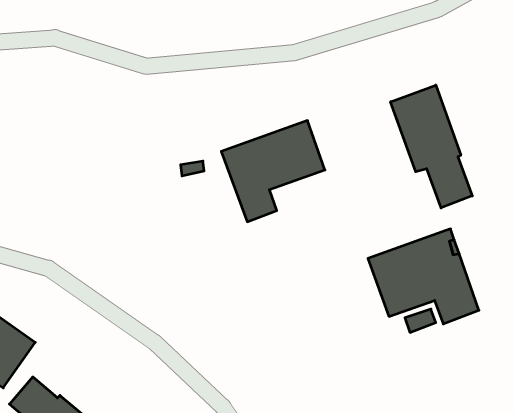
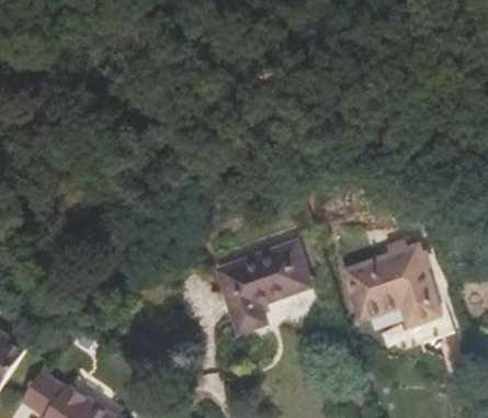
building: [391,85,472,208] -> none
building: [221,121,325,222] -> [219,242,311,332]

